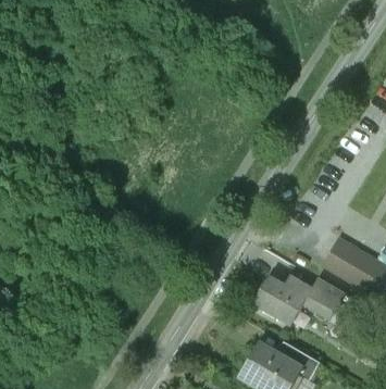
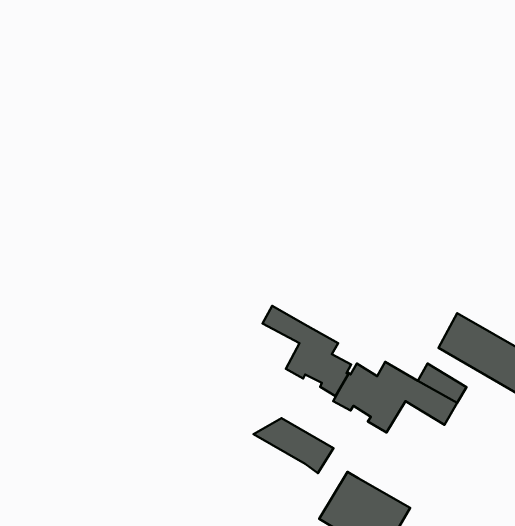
building: none -> [262,306,351,396]
building: [267,343,323,381] -> [253,418,333,473]

